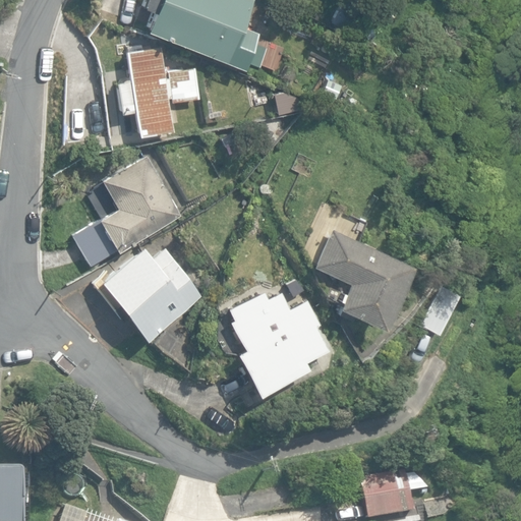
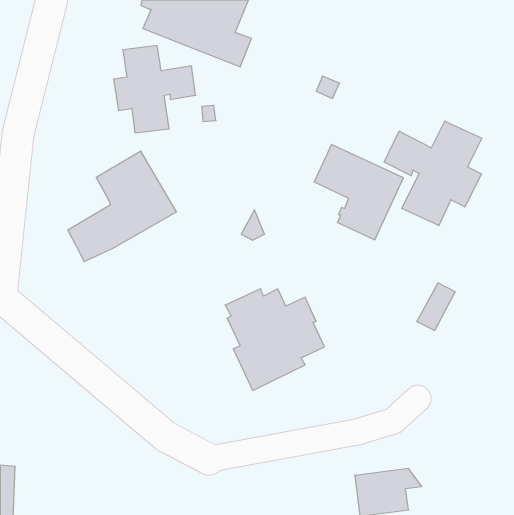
building: none -> [384,121,482,226]
building: [316,230,406,326] -> [314,144,403,240]
building: [102,248,204,341] -> none

